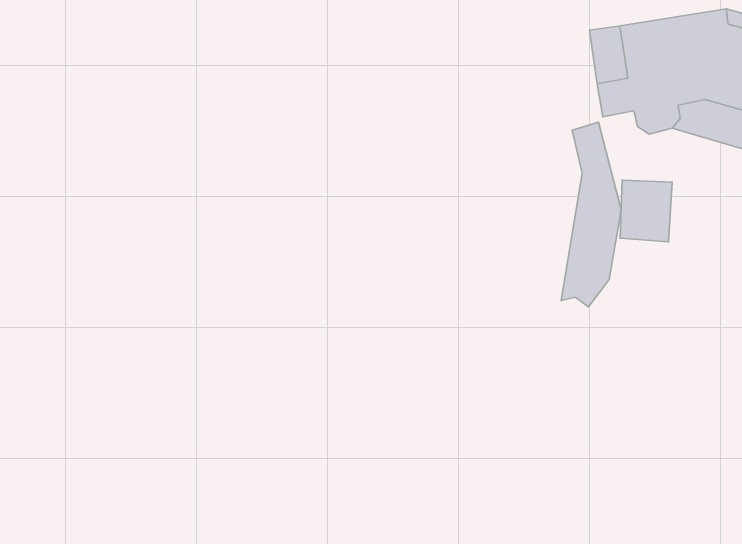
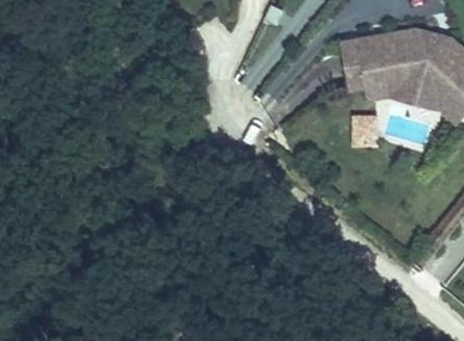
building: [561,122,621,307] -> none

